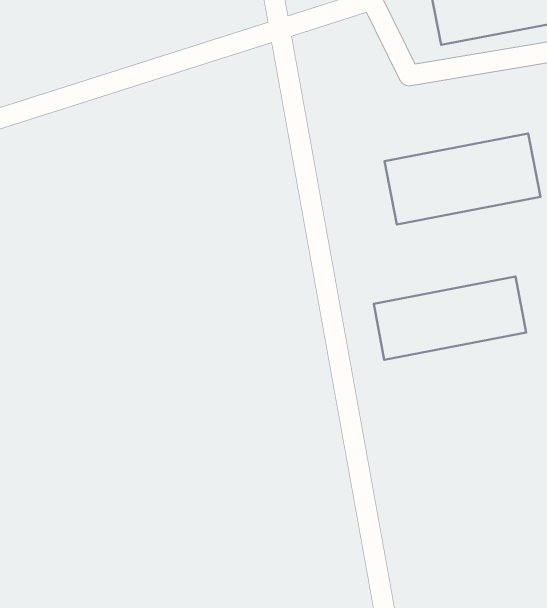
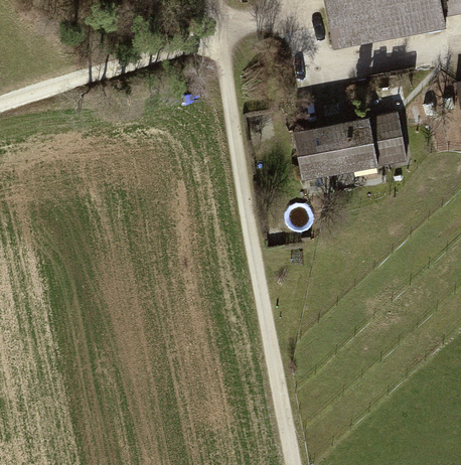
building: [374,276,526,360] -> none

